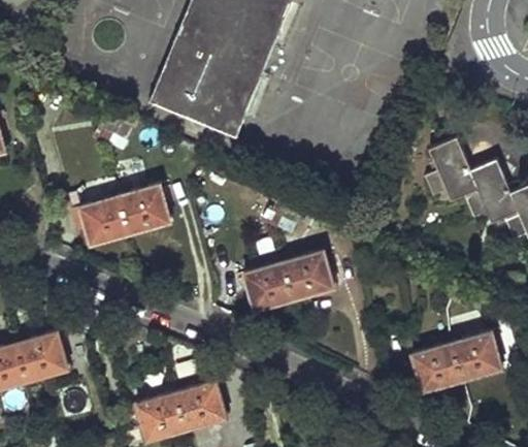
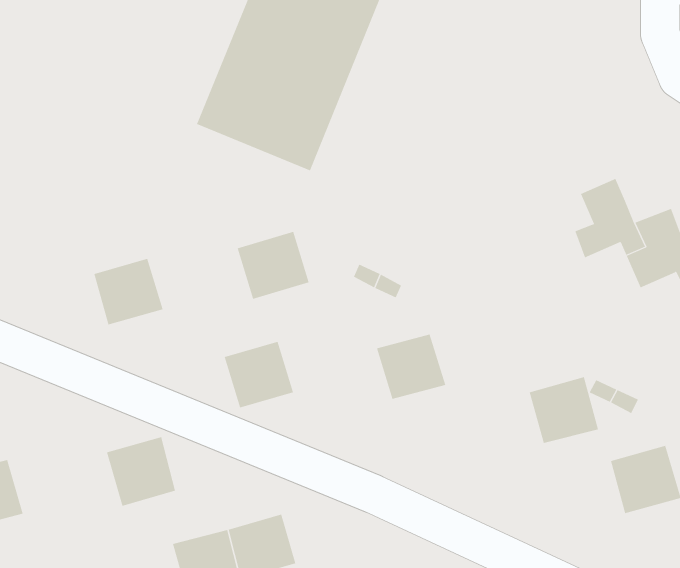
building: [118,185,170,234] -> [237,231,309,300]
building: [243,262,294,311] -> [224,341,294,408]
building: [16,331,67,382] -> [106,437,176,507]
building: [411,344,462,392] -> [529,377,599,444]

